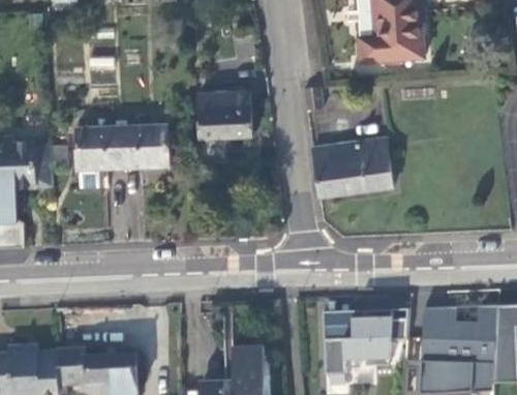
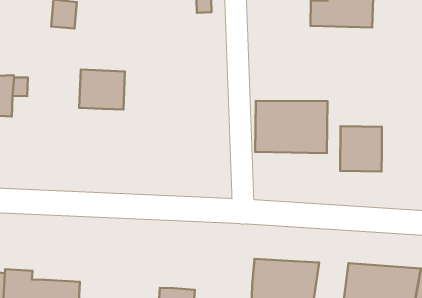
building: [196,92,249,140] -> none
building: [77,129,124,190] -> none
building: none -> [340,126,382,172]

